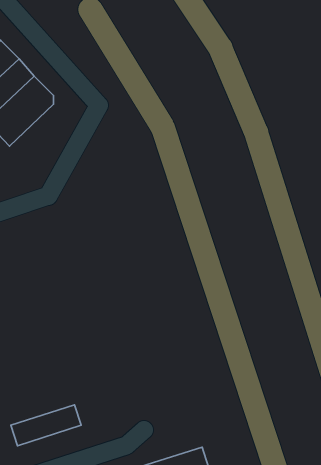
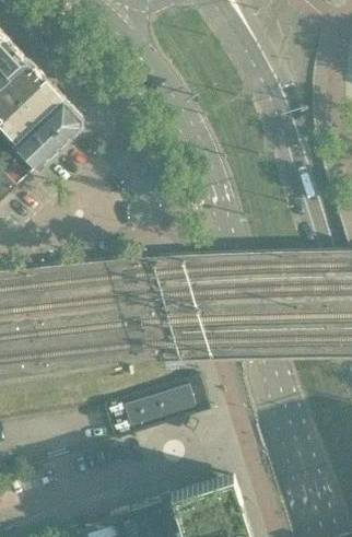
building: [11,405,81,446] -> [119,388,190,430]

